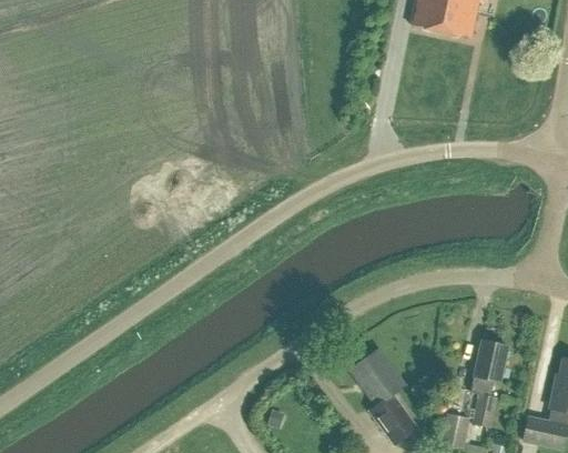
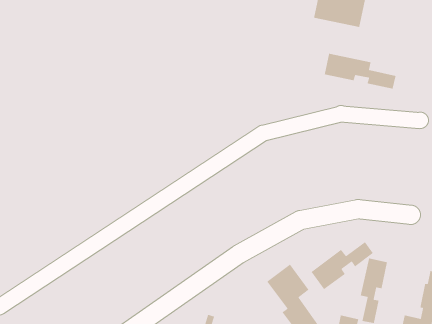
building: none -> [324,53,396,90]
building: none -> [310,241,374,290]

